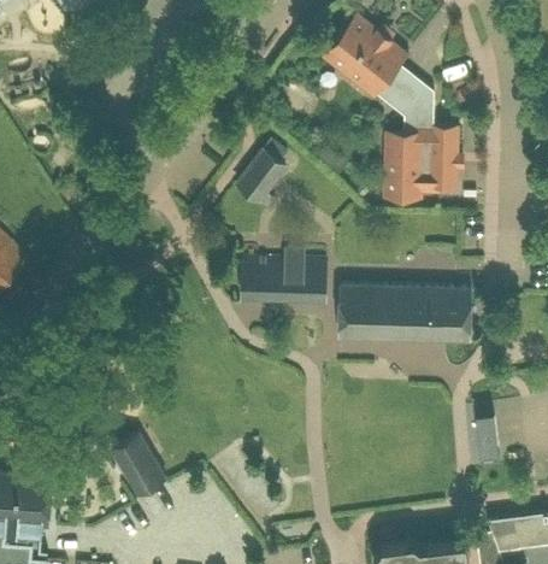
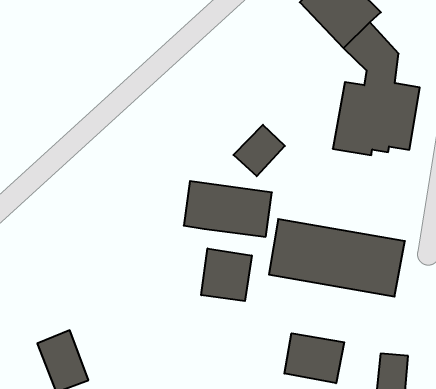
building: [238,154,290,208] -> [233,125,285,176]
building: none -> [201,248,252,301]
building: none -> [284,333,344,383]

